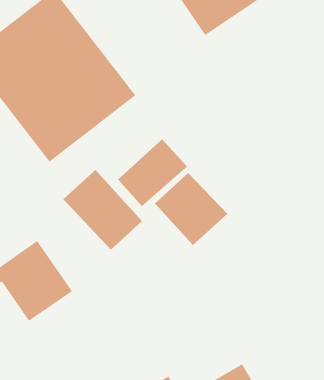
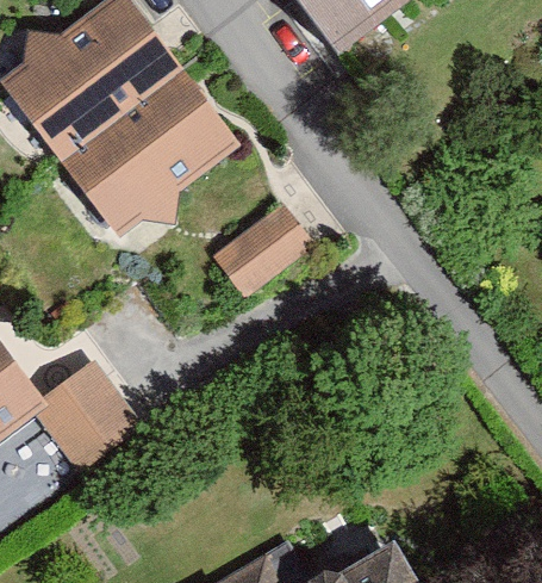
building: [62,169,143,250] -> none
building: [154,172,228,246] -> none

